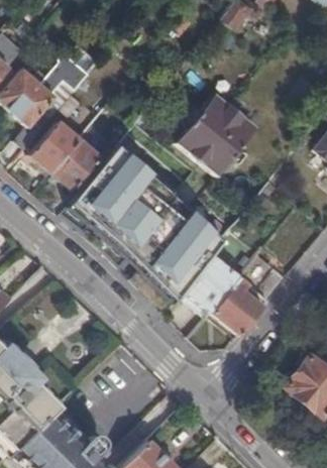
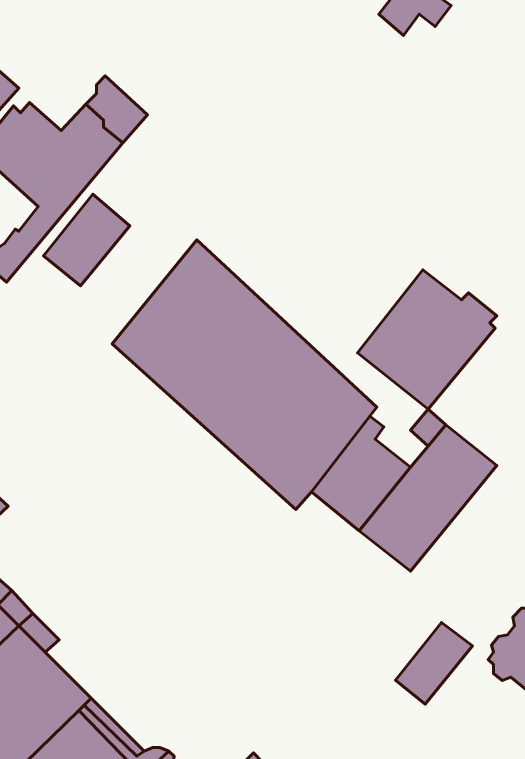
building: [179,95,258,174] -> [358,270,497,409]
building: [52,137,103,190] -> none
building: none -> [395,623,473,704]

